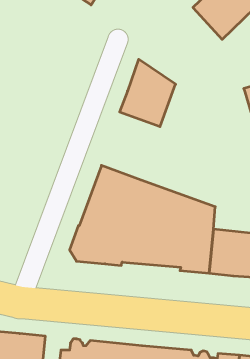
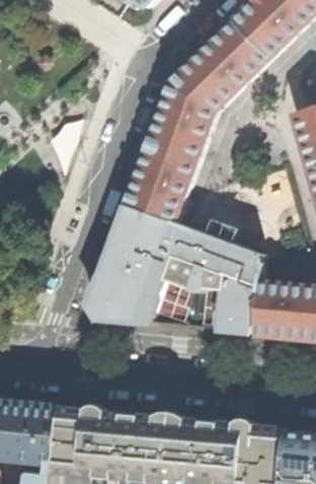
building: none -> [168,21,266,112]
building: none -> [125,144,193,224]

